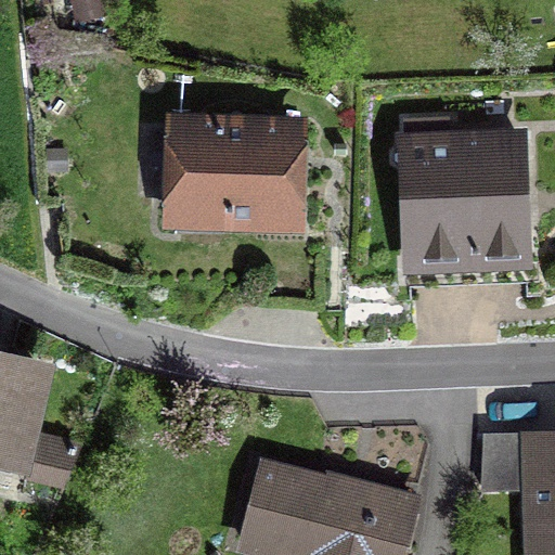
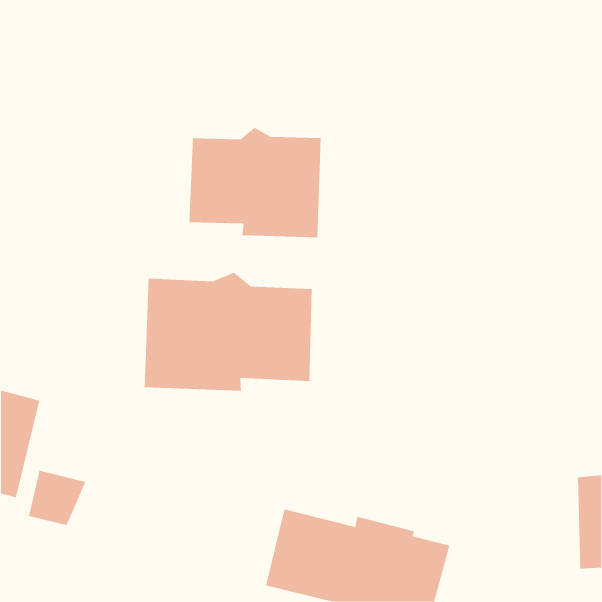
building: [404,119,525,256] -> none
building: none -> [144,272,312,392]

